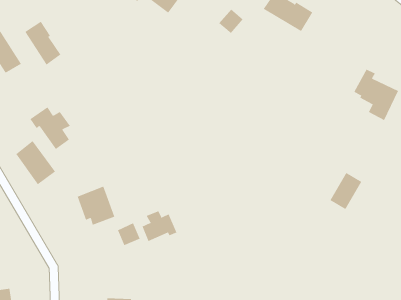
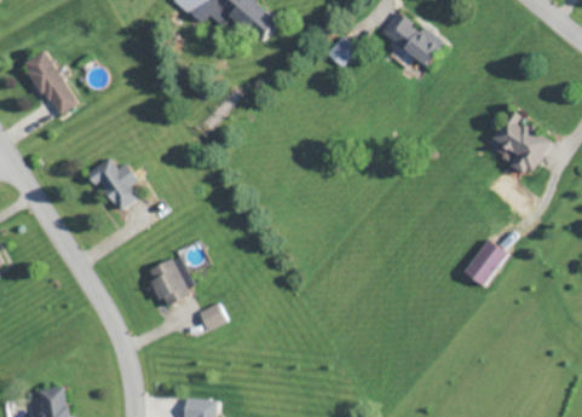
building: [24,21,61,65] -> none
building: [15,140,56,185] -> none
building: [142,211,177,242] -> none

